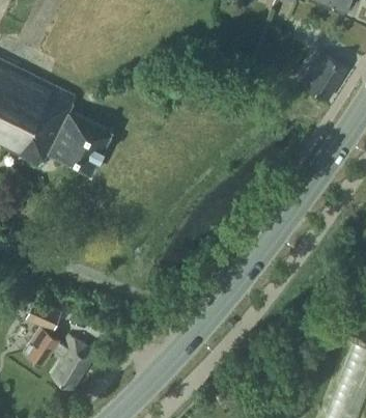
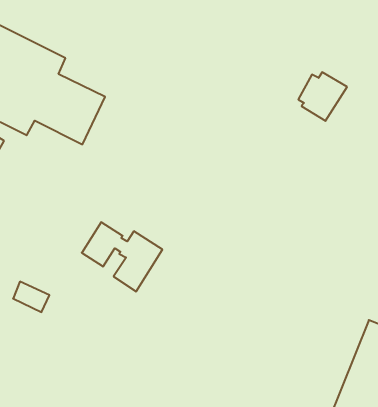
building: [304,56,348,101] -> [298,72,347,121]
building: [24,327,97,390] -> [82,222,162,291]

